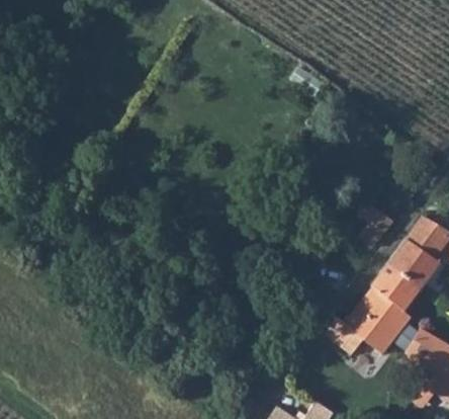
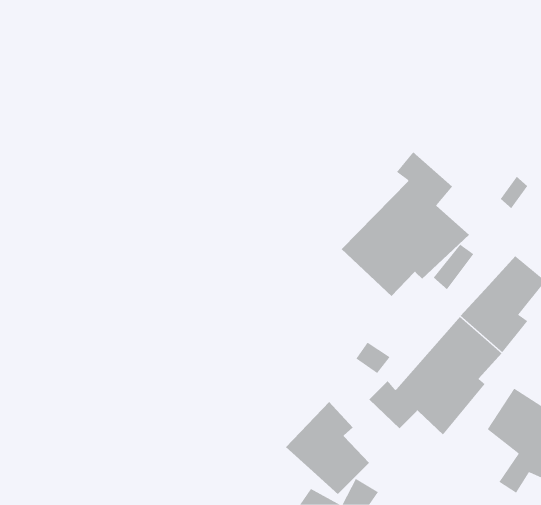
building: none -> [341,152,470,297]
building: none -> [285,401,370,495]

